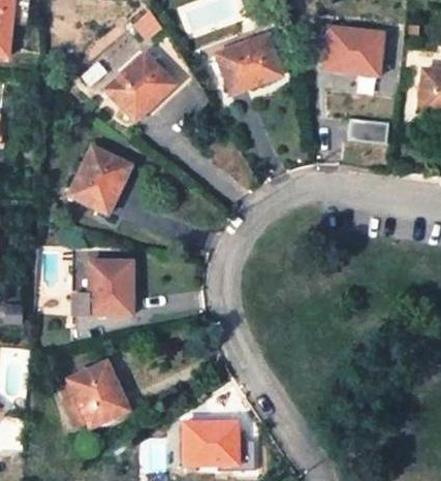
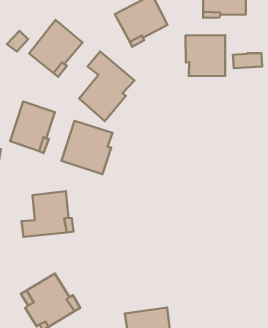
building: none -> [186,35,225,76]
building: none -> [79,52,135,121]
building: none -> [61,121,112,174]

